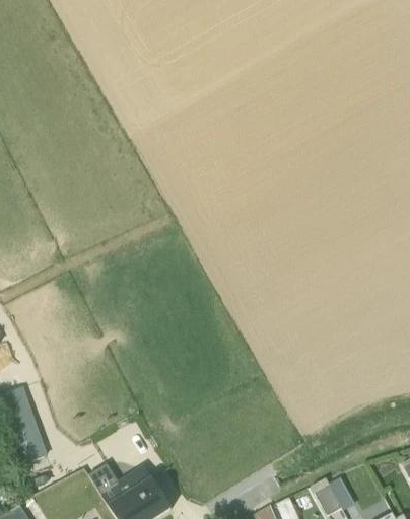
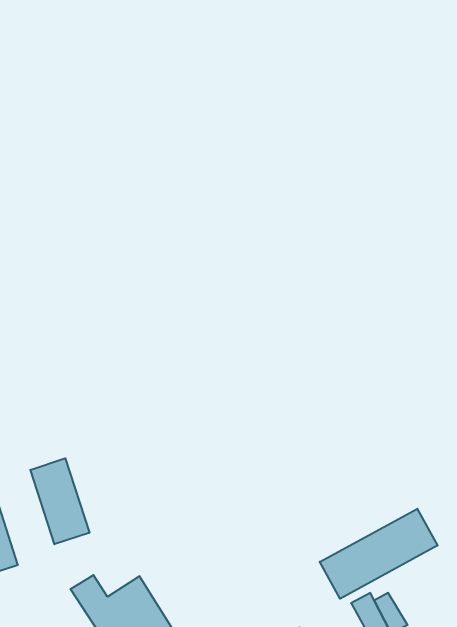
building: none -> [30,458,89,544]
building: none -> [320,509,438,599]

